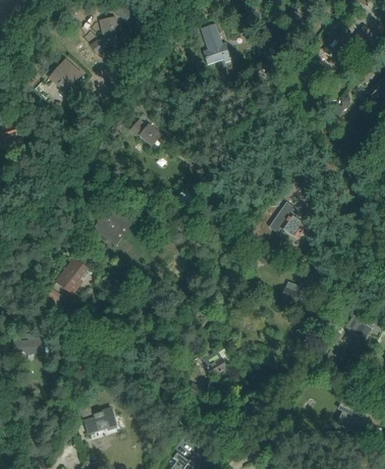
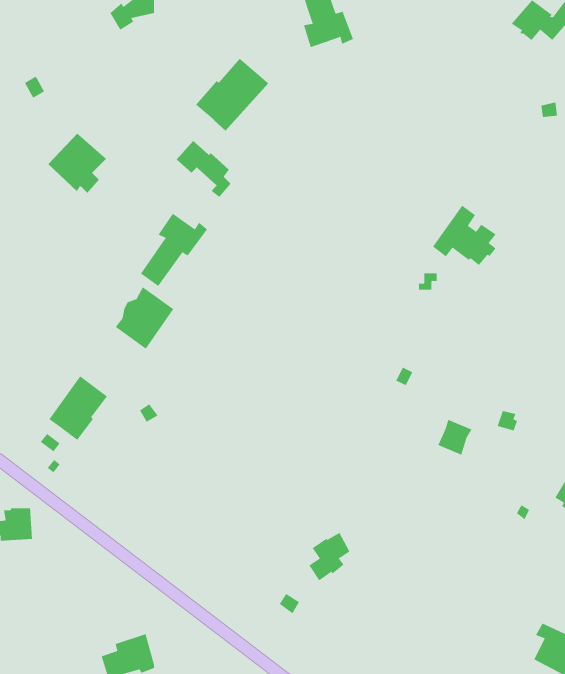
building: [48,59,82,95] -> [48,133,107,194]
building: none -> [191,58,269,131]
building: none -> [140,213,208,287]
building: [269,202,307,238] -> [432,205,497,266]

